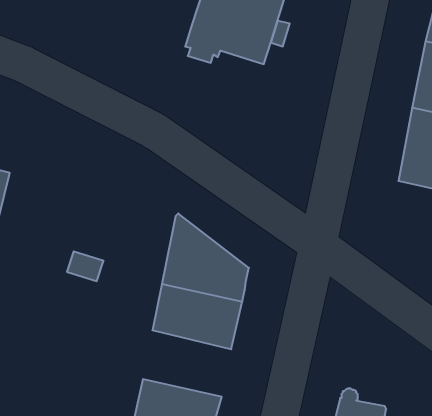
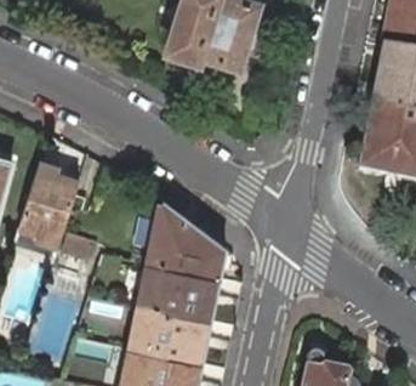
building: none -> [12,159,80,259]
building: none -> [131,303,210,363]

